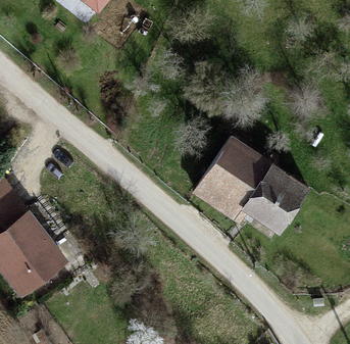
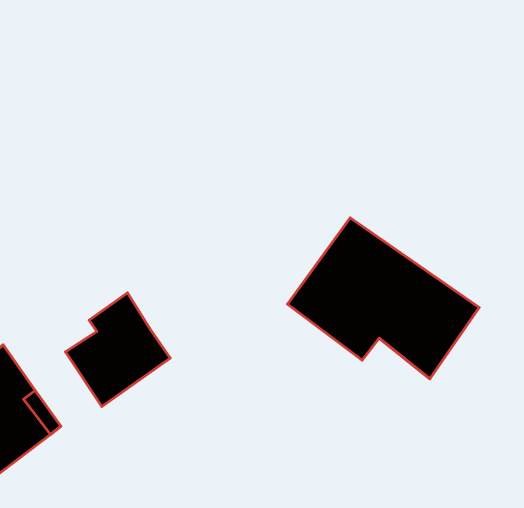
building: none -> [65,293,170,407]

